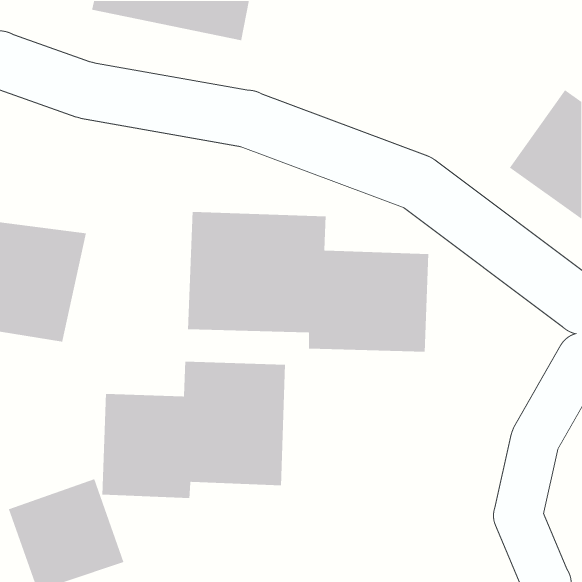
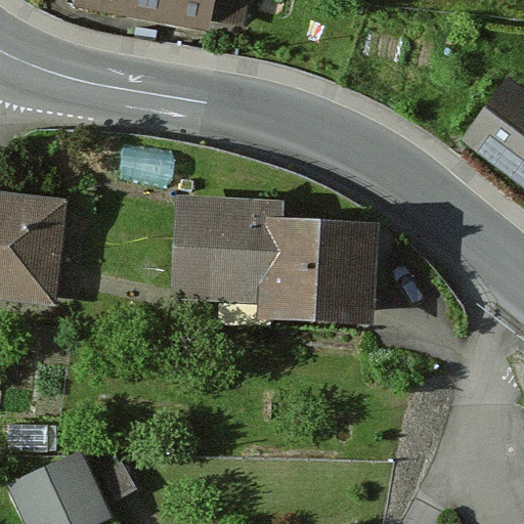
building: [102,361,286,499] -> none

